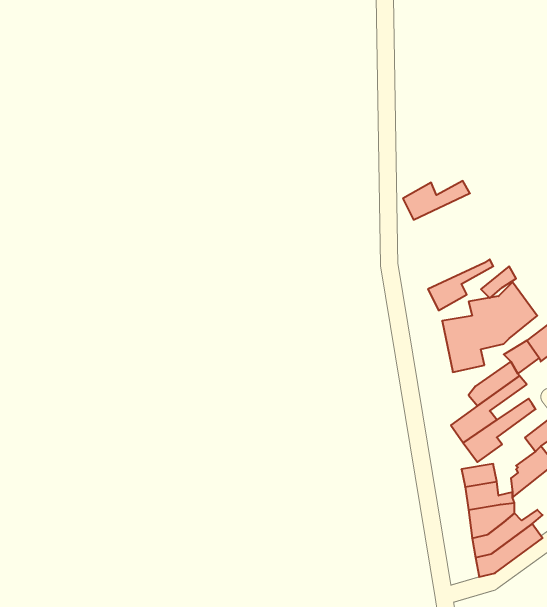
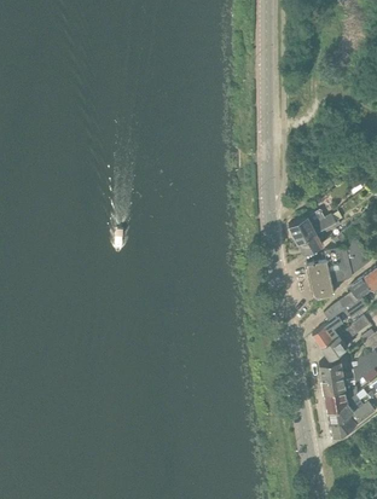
building: [403,181,470,220] -> [288,215,334,242]

